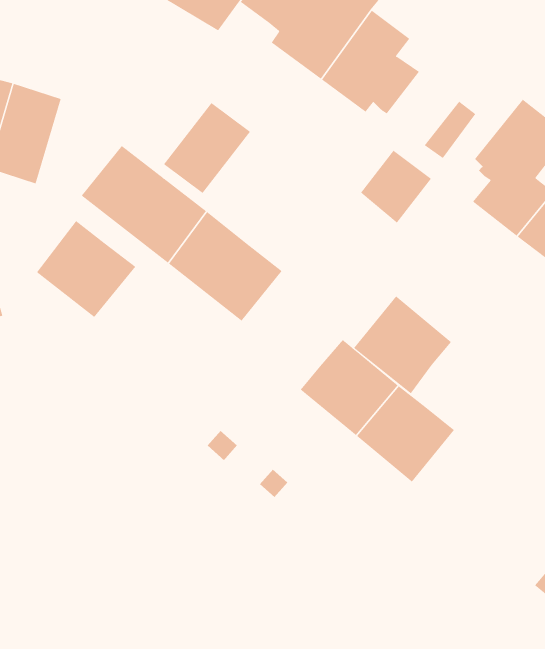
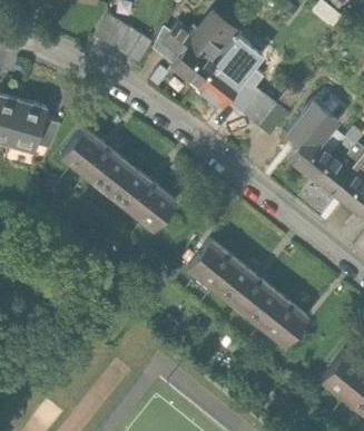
building: [163,102,251,194] -> none
building: [360,150,432,223] -> [237,86,278,128]
building: [36,220,136,318] -> none
building: [353,296,452,394] -> [252,292,308,349]

